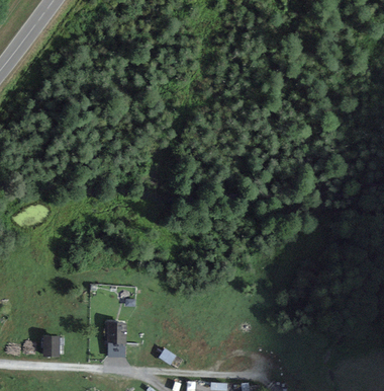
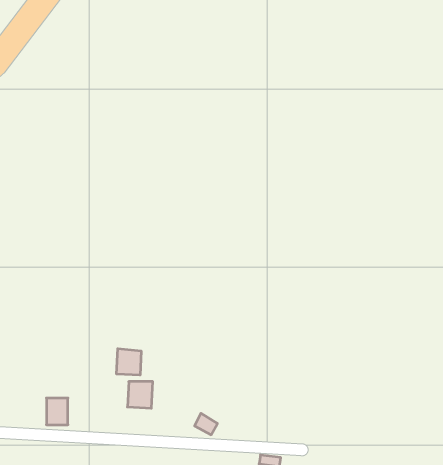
building: none -> [117,349,141,375]

